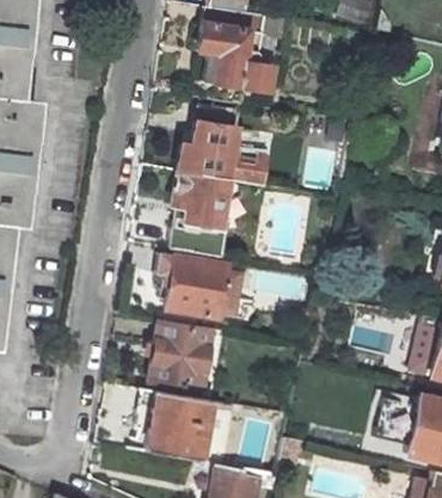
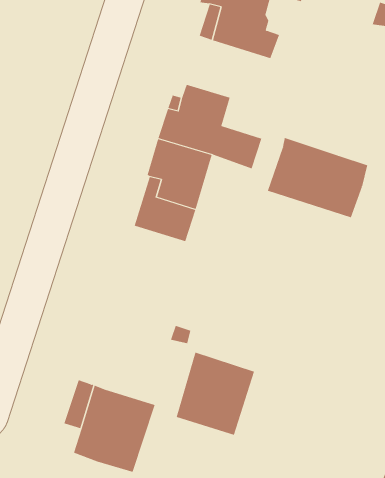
building: none -> [267,137,368,218]
building: [170,257,229,316] -> none
building: [152,320,214,387] -> [176,352,255,436]

